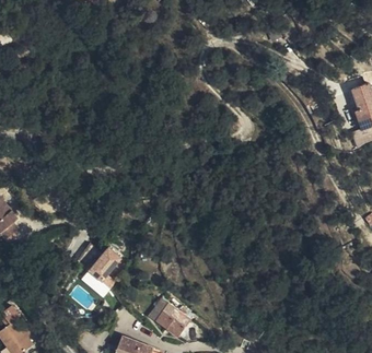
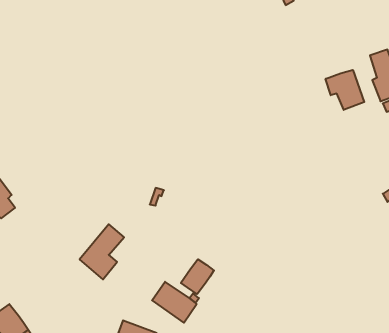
building: none -> [326,70,364,110]
building: none -> [181,259,214,294]

